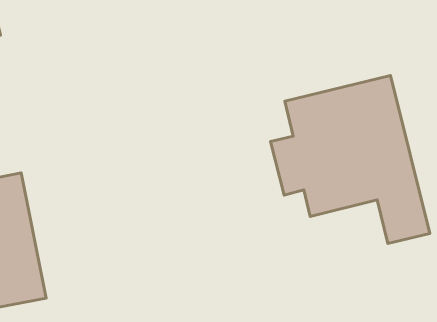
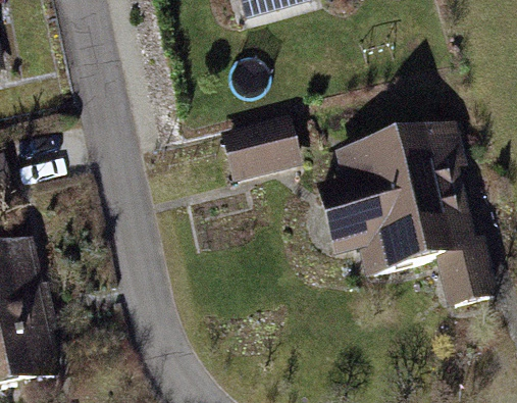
building: none -> [213,113,302,183]

